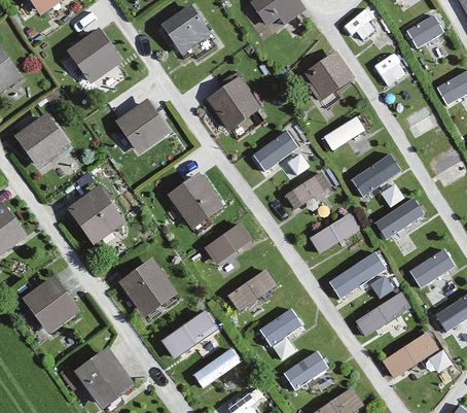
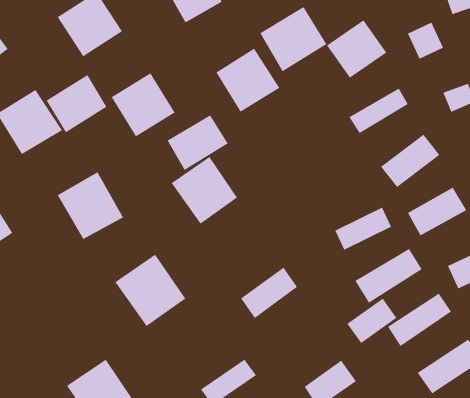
building: none -> [259,6,327,72]
building: none -> [46,74,107,133]
building: [252,130,298,172] -> none
building: none -> [167,114,228,171]
building: [284,170,332,212] -> none
building: [203,221,253,265] -> none
building: [23,273,81,334] -> none
building: [258,306,302,346] -> [347,298,397,344]
building: [160,309,219,358] -> none

